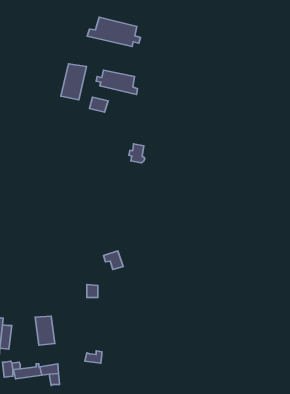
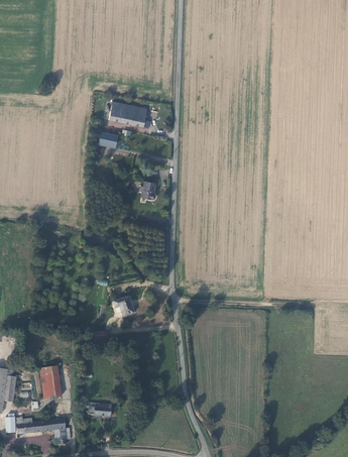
building: [87,17,140,46] -> none
building: [61,64,87,100] -> none

